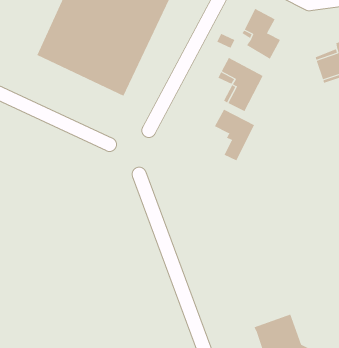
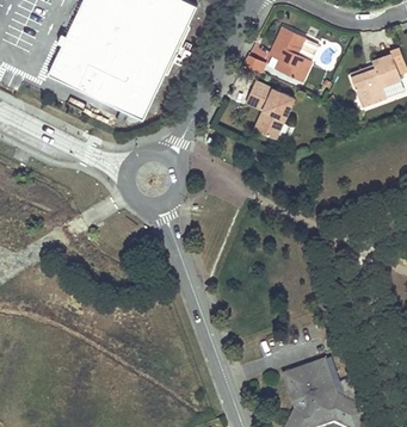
building: [214,109,255,161] -> none

